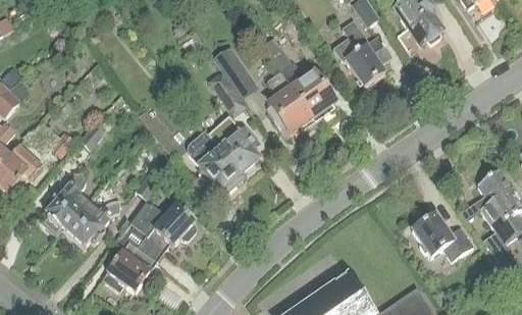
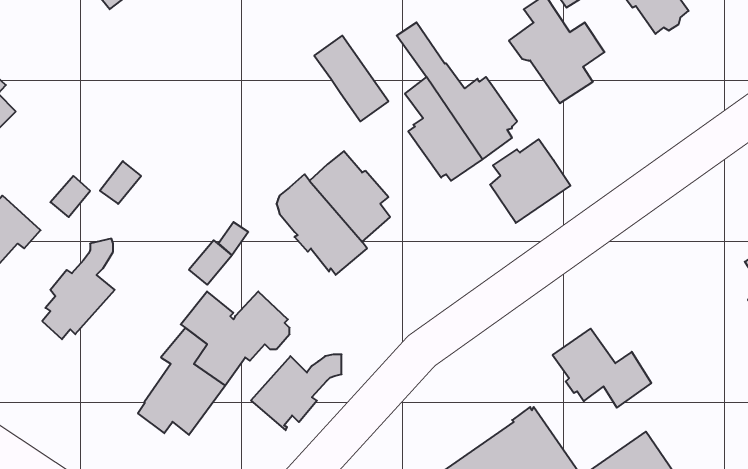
building: [209,70,247,116] -> none
building: none -> [490,139,570,223]
building: [64,200,120,247] -> [251,354,342,430]
building: [412,211,473,260] -> [553,329,651,408]

